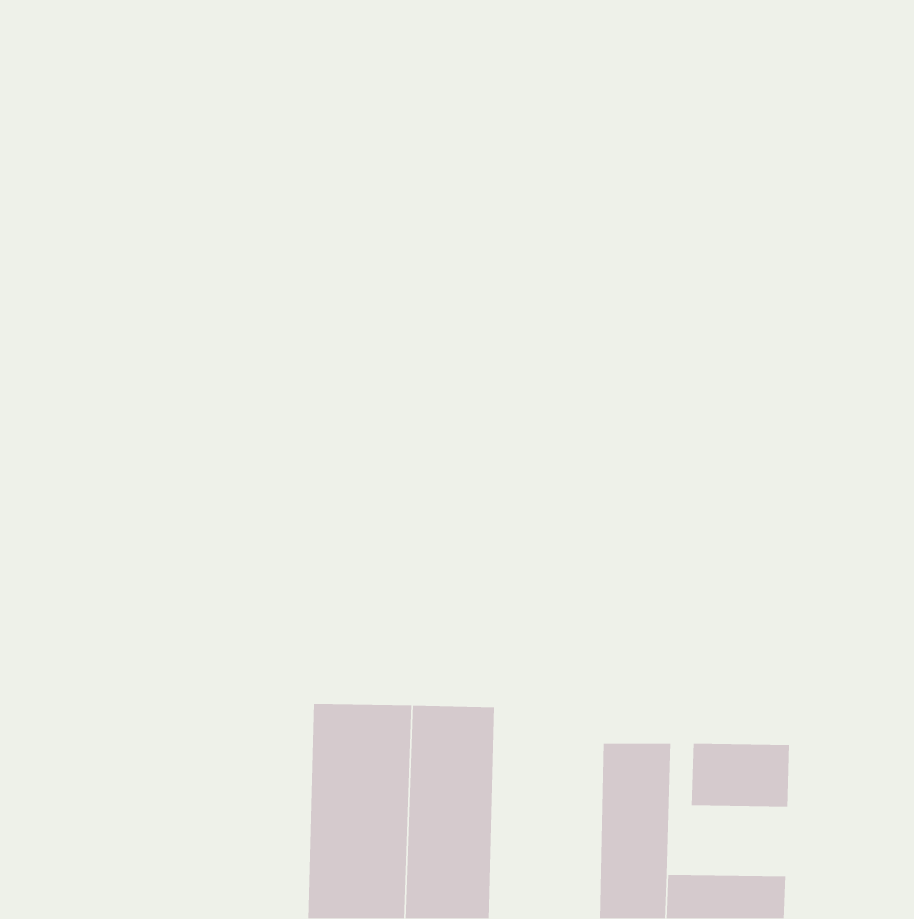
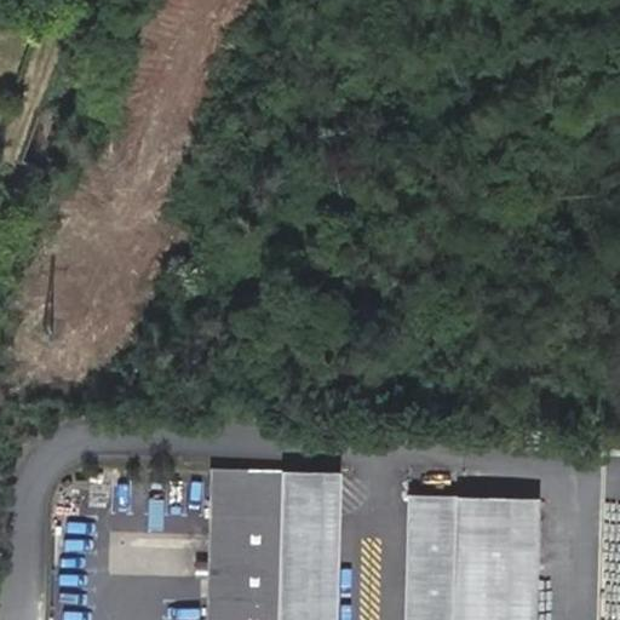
building: none -> [453,500,534,590]

